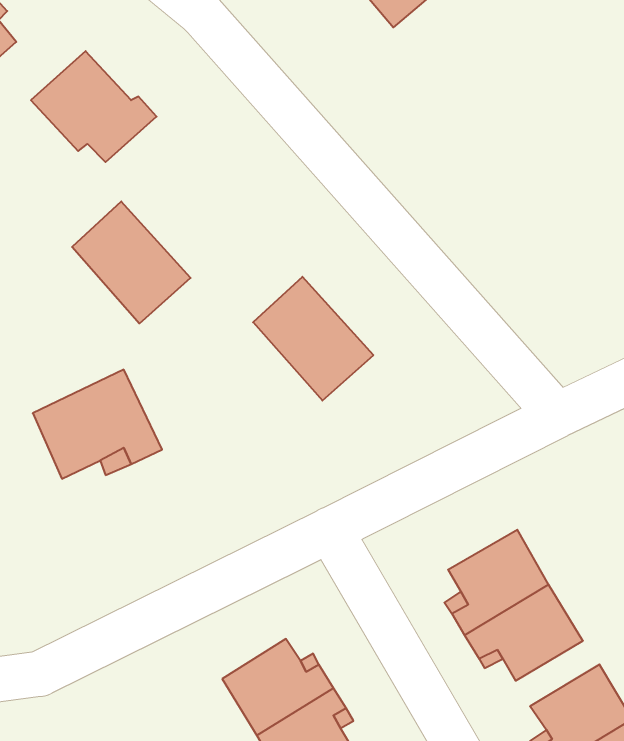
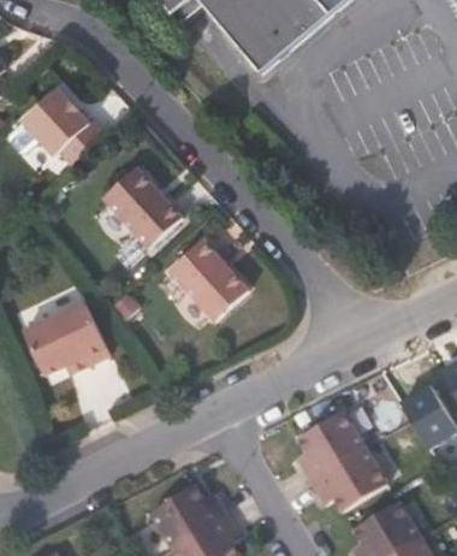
building: [72,201,191,323] -> [102,167,180,248]

